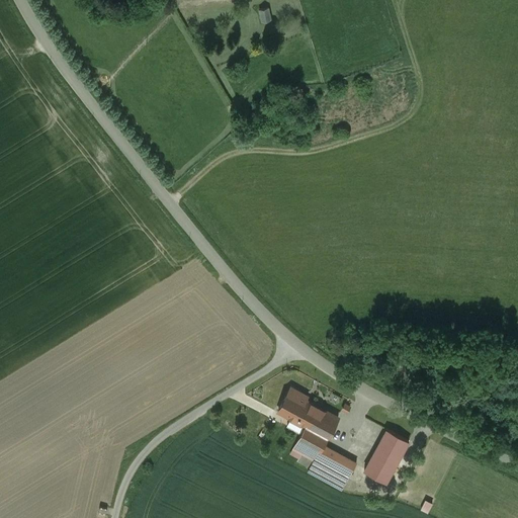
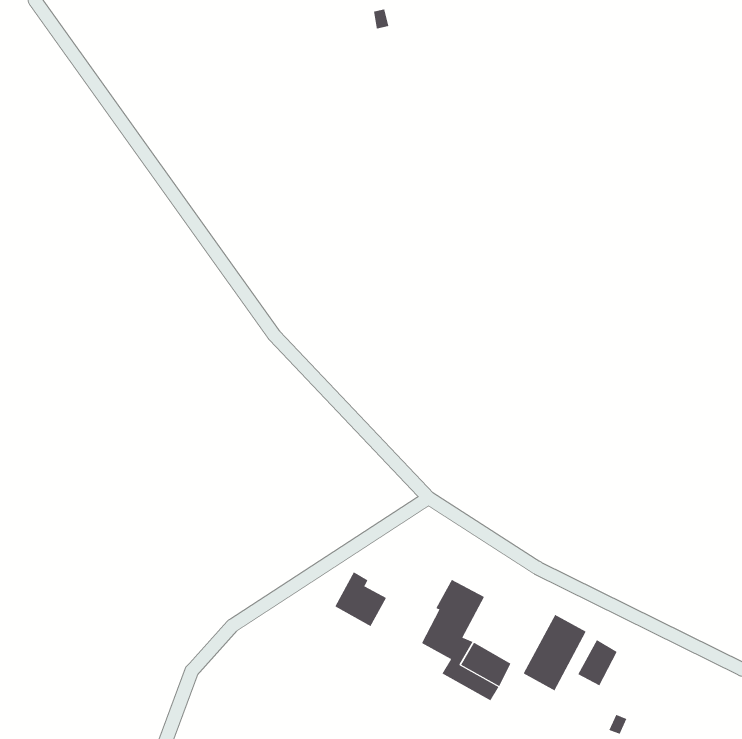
building: [278,387,315,426] -> [335,572,387,627]
building: none -> [578,639,618,686]

